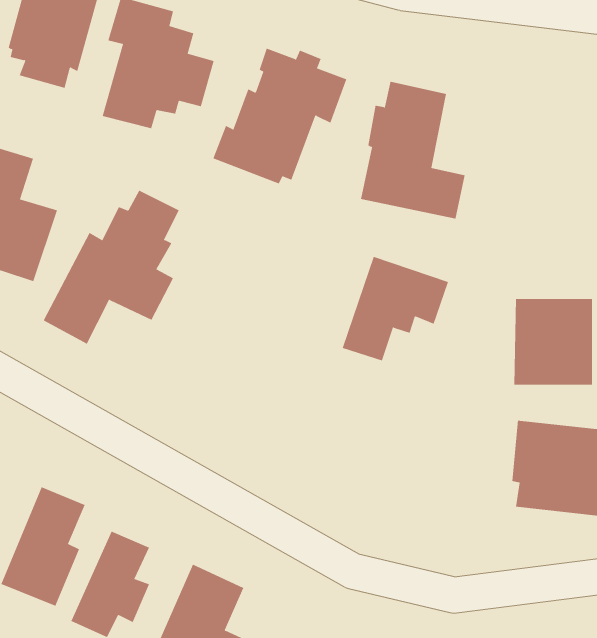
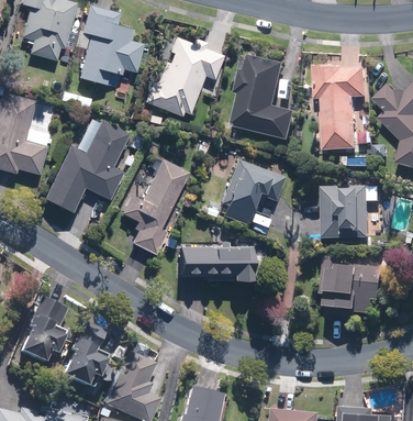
building: none -> [314,68,366,152]
building: none -> [120,155,188,256]
building: none -> [180,241,252,281]

